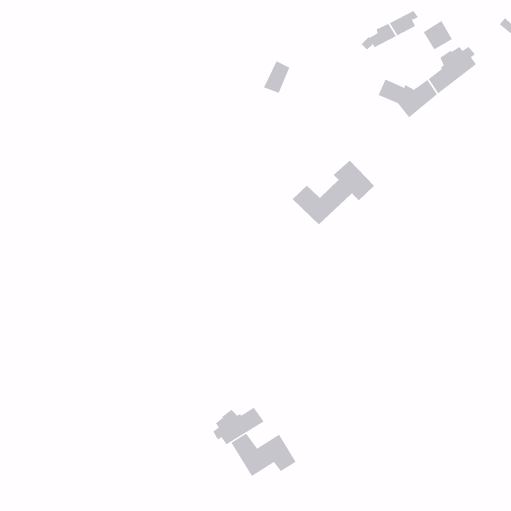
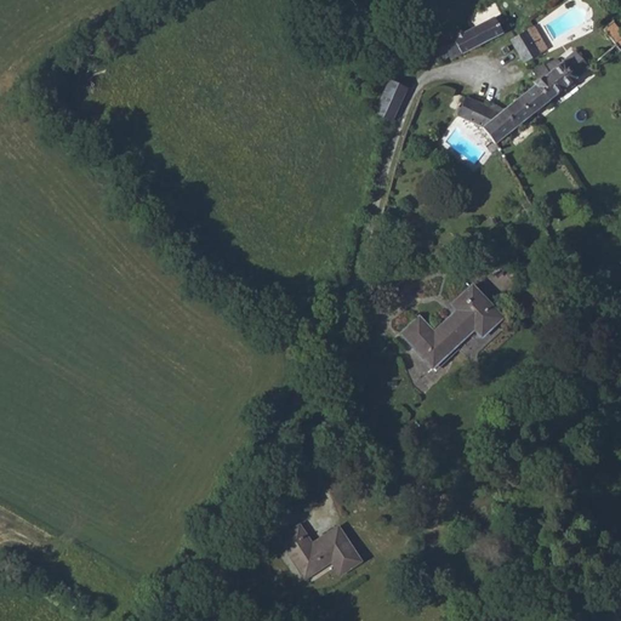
building: [263,60,290,94] -> [376,79,409,119]
building: [292,160,375,225] -> [403,285,503,364]
building: [213,407,264,445] -> none

